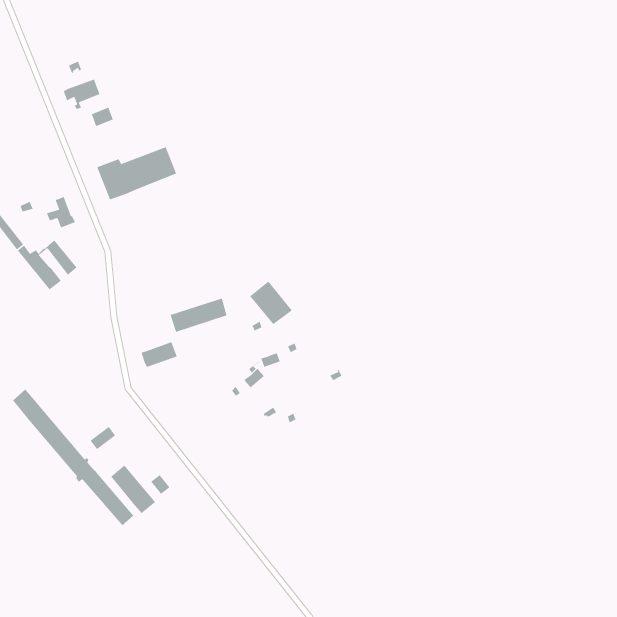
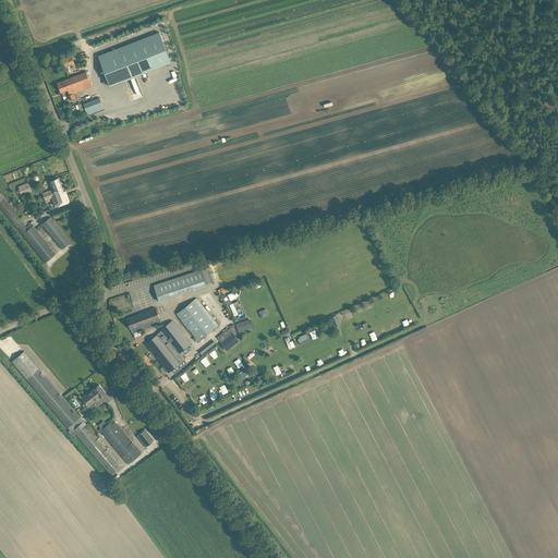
building: [96,146,177,201] -> [97,36,170,85]
building: [249,280,293,325] -> [175,299,215,339]
building: none -> [145,319,190,372]

